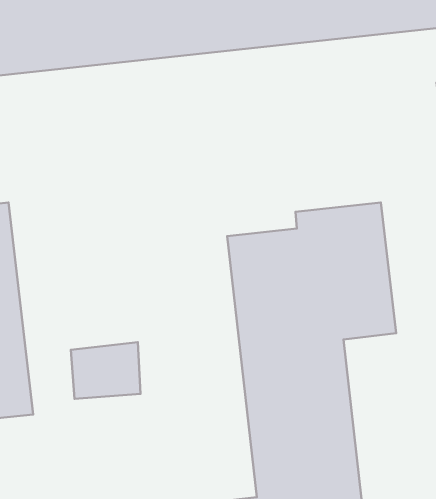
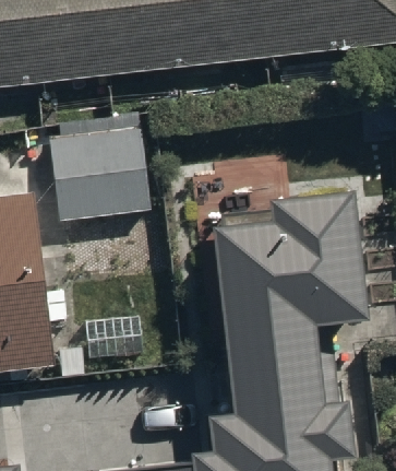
building: none -> [48,115,148,223]

